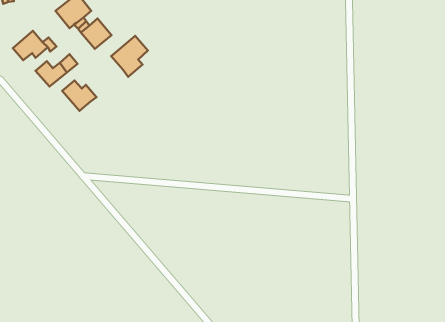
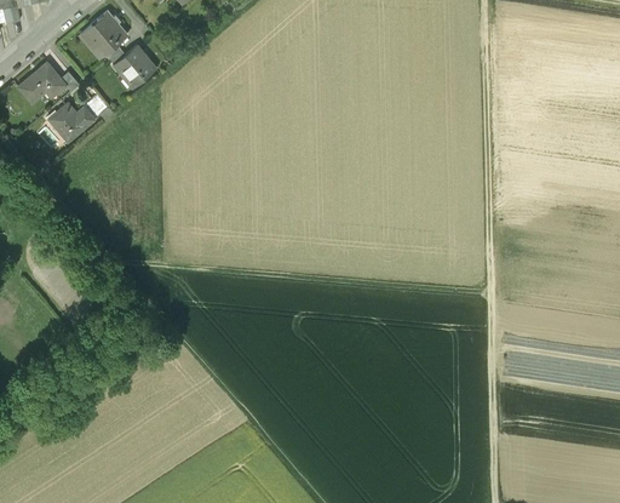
building: [111,36,148,77] -> none
building: [62,80,96,111] -> none

